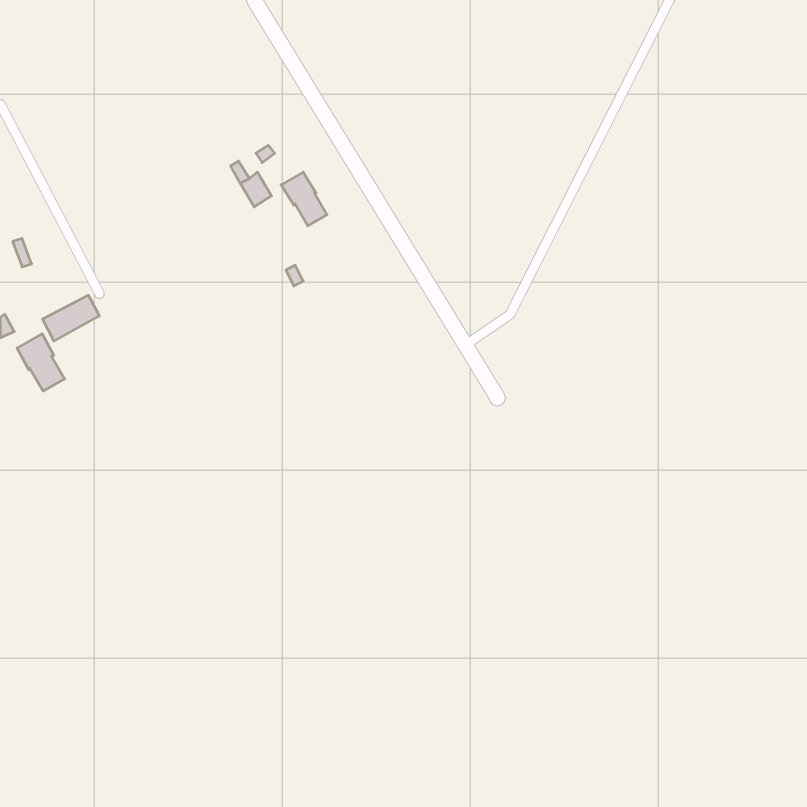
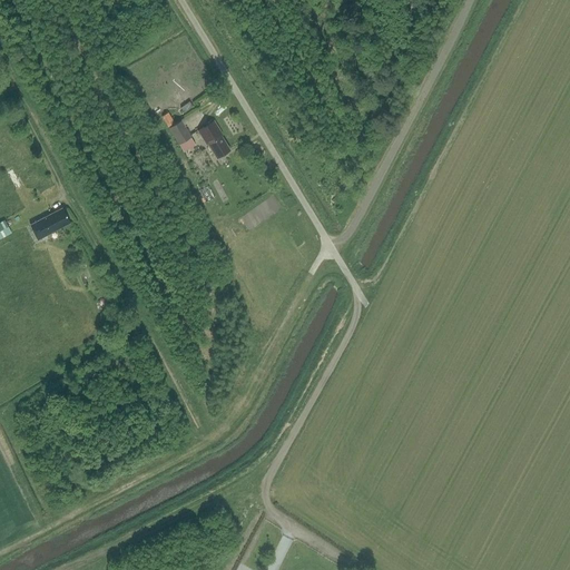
building: [17,334,65,391] -> none

